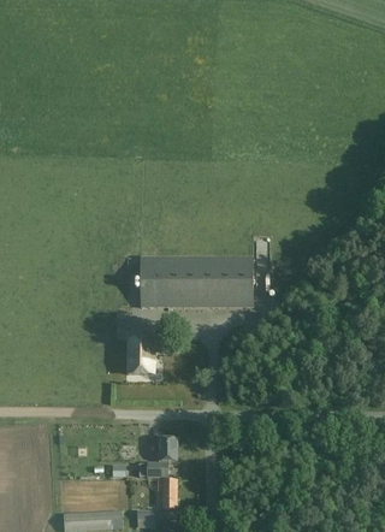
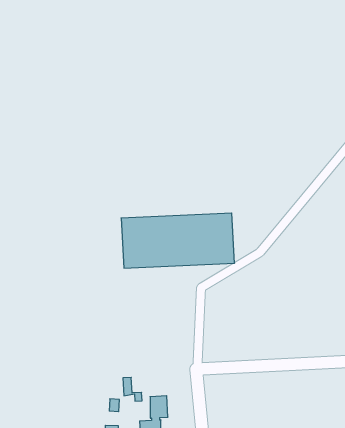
building: [126,337,153,373] -> none

